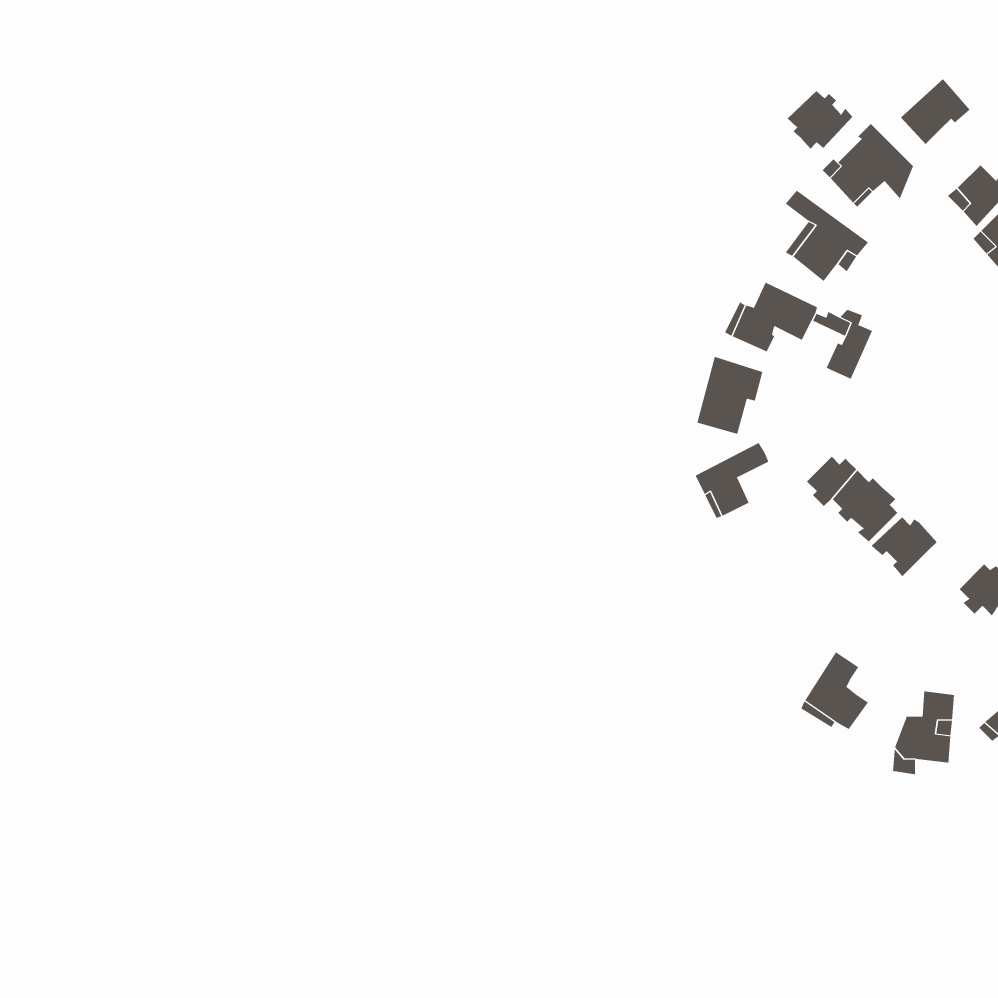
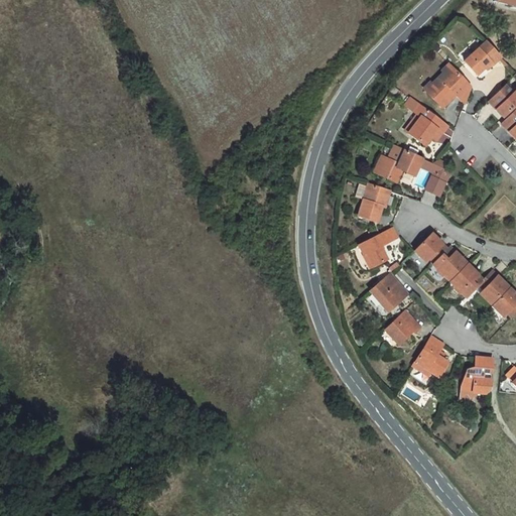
building: [787,90,853,150] -> none
building: none -> [479,270,506,301]
building: none -> [370,273,408,311]
building: none -> [385,310,421,344]

